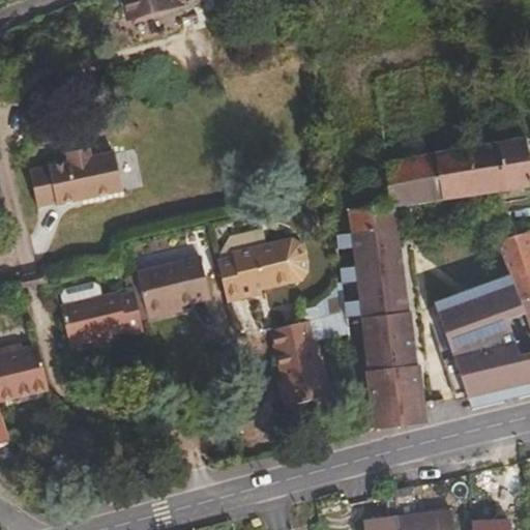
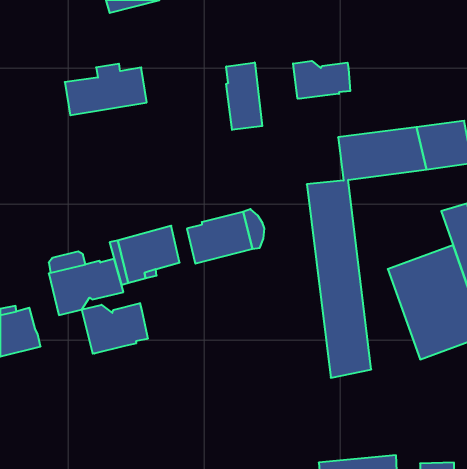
building: none -> [293,61,350,99]
building: none -> [226,62,262,130]
building: [37,149,129,207] -> [65,64,147,115]
building: [266,318,323,403] -> none
building: none -> [82,303,148,354]

